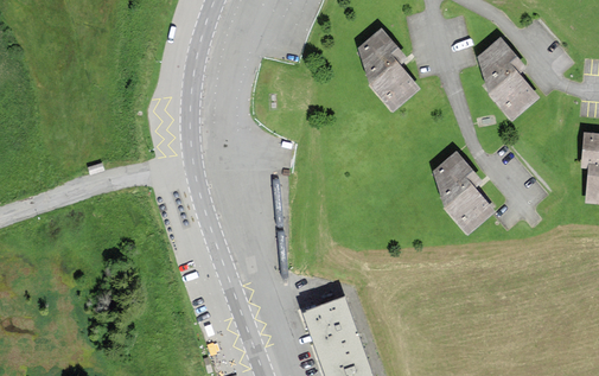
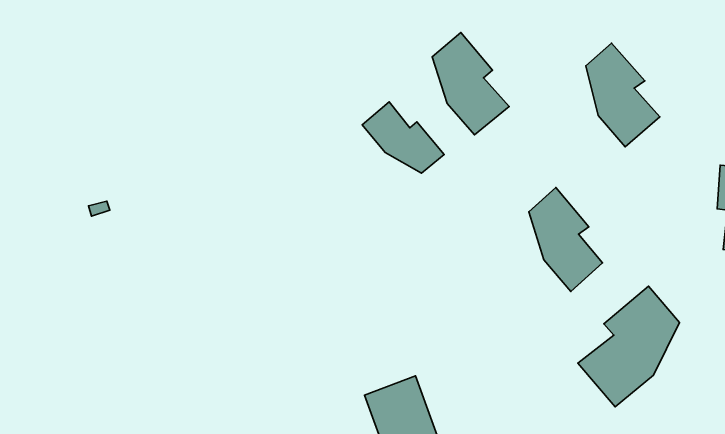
building: none -> [362,102,444,173]
building: none -> [578,286,679,407]

